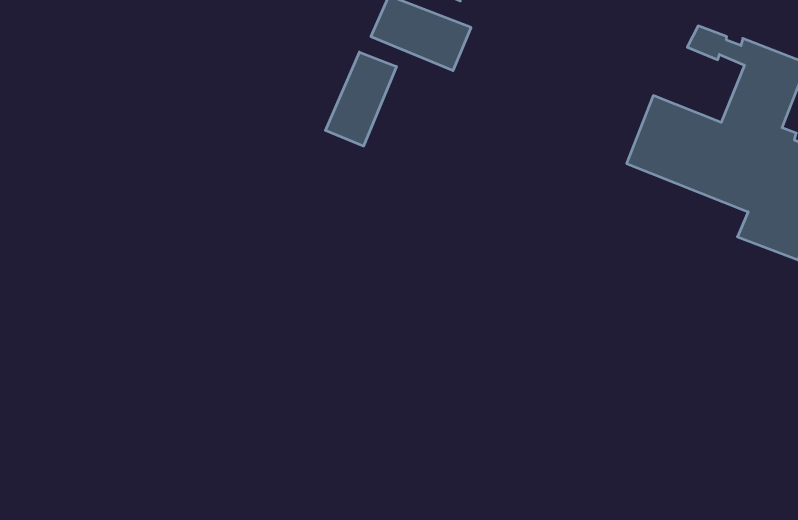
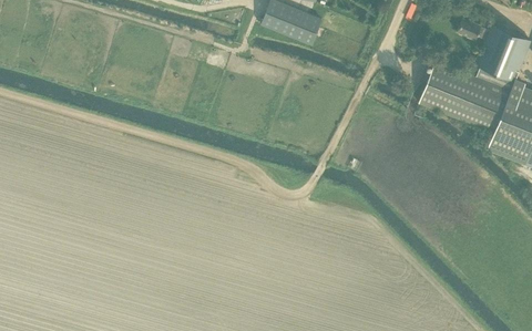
building: [325,52,396,146] -> none

